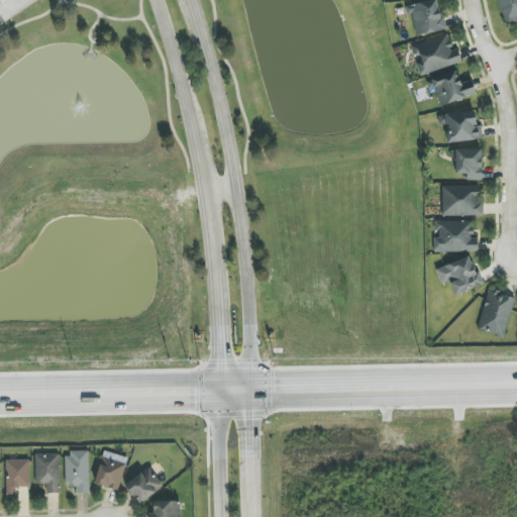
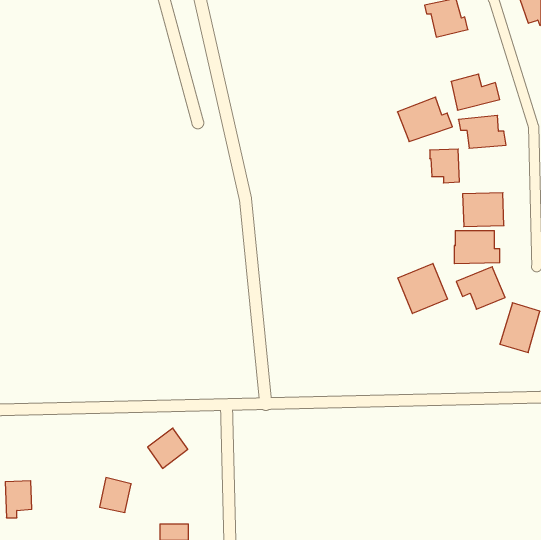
building: [410,32,462,75] -> [397,97,452,142]
building: [453,147,482,180] -> [430,149,459,183]
building: none -> [398,263,447,314]
building: [65,451,89,493] -> none
building: [34,452,60,493] -> none
building: [124,466,163,504] -> [148,428,188,468]

